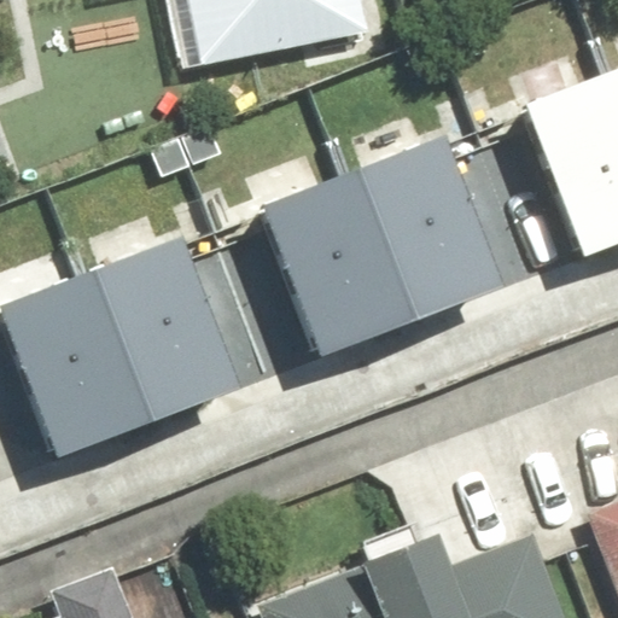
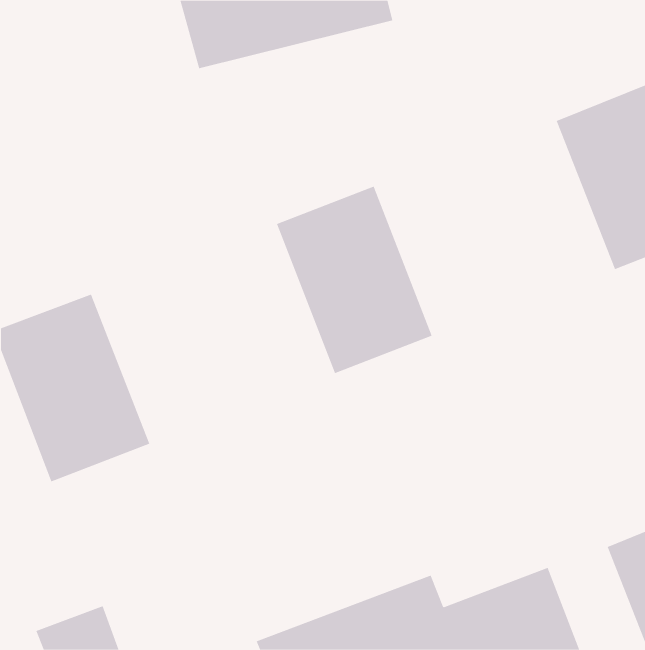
building: [360,140,509,319] -> none
building: [92,243,240,421] -> none

